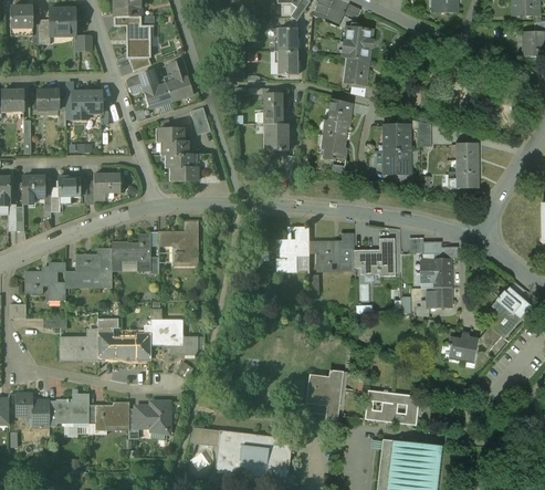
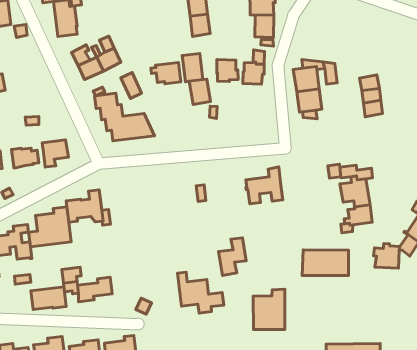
building: [70,91,98,113] -> none
building: none -> [151,62,181,84]
building: [323,134,347,160] -> [217,60,238,82]
building: [157,220,197,262] -> none
building: [277,229,307,269] -> [218,238,246,276]
building: [354,238,395,275] -> none
building: [149,307,197,355] -> [177,272,224,313]
building: [364,389,419,425] -> [302,250,349,276]

